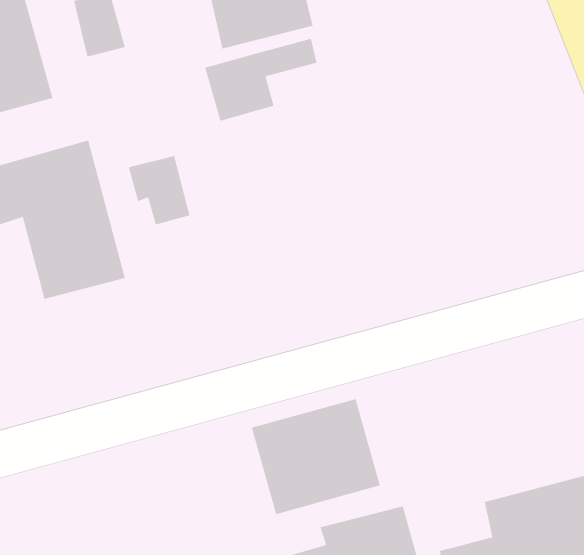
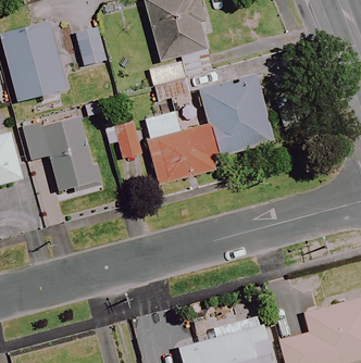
building: none -> [142,73,273,184]
building: [251,398,381,515] -> none

